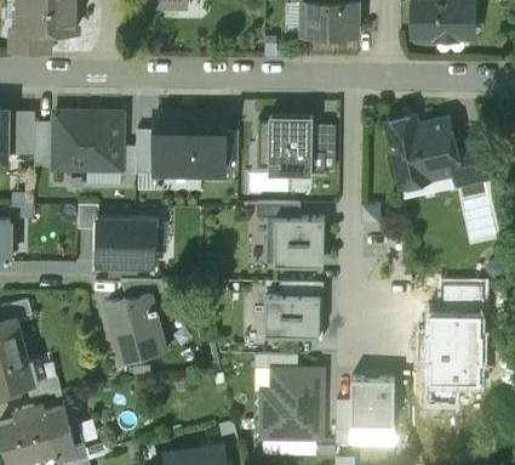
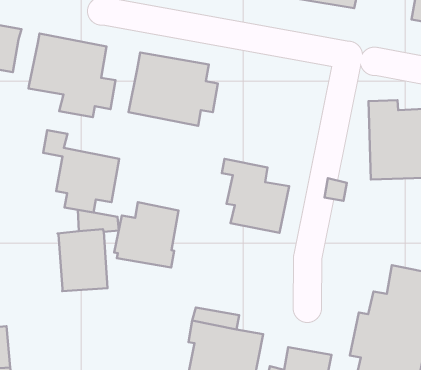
building: [256,117,334,175] -> none
building: [34,123,53,166] -> none
building: [136,130,155,175] -> none
building: [264,282,322,340] -> [114,202,179,268]

